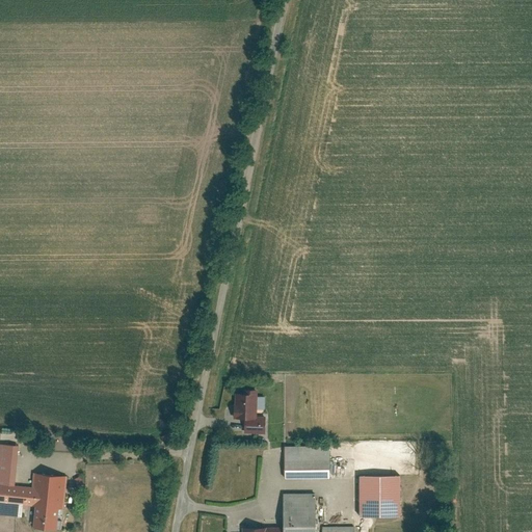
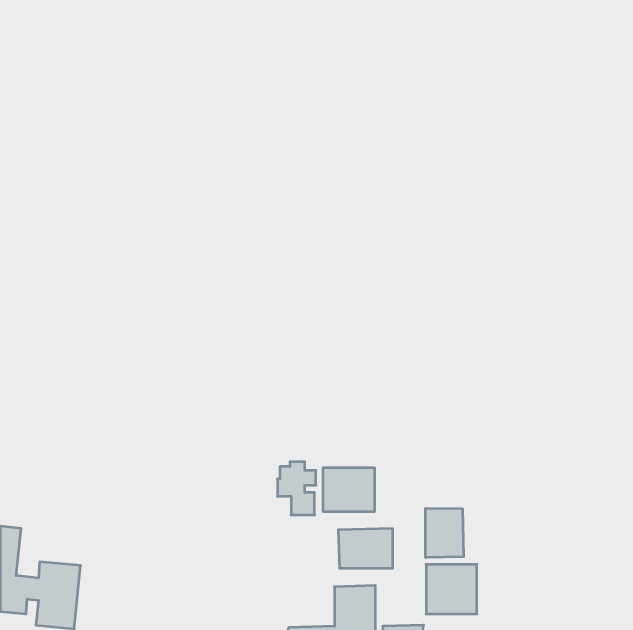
building: none -> [323,468,374,512]
building: none -> [426,508,464,558]

